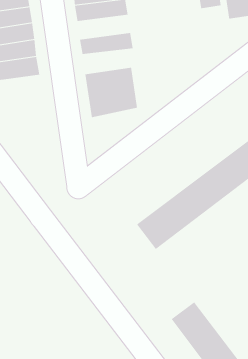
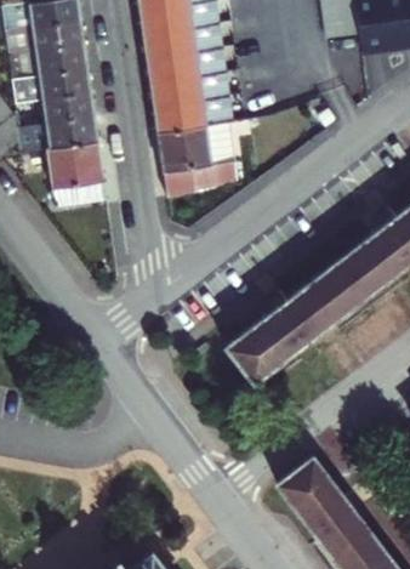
building: none -> [146,45,223,80]
building: none -> [153,93,229,130]
building: none -> [41,131,102,193]

